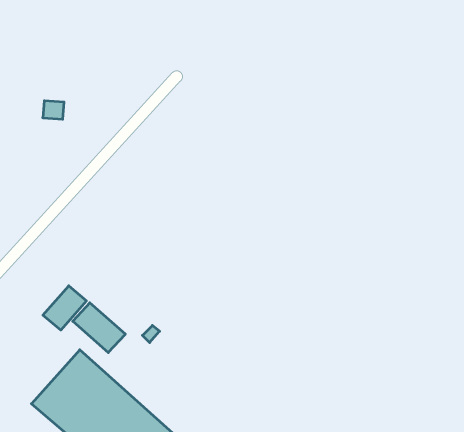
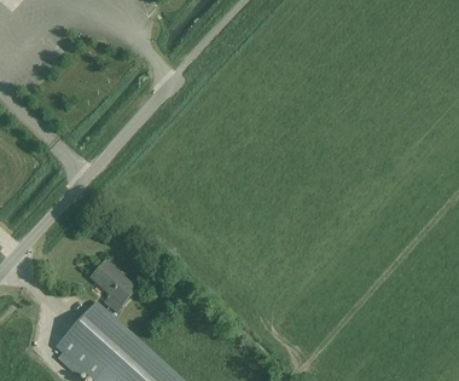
building: [43,286,86,330] -> none

